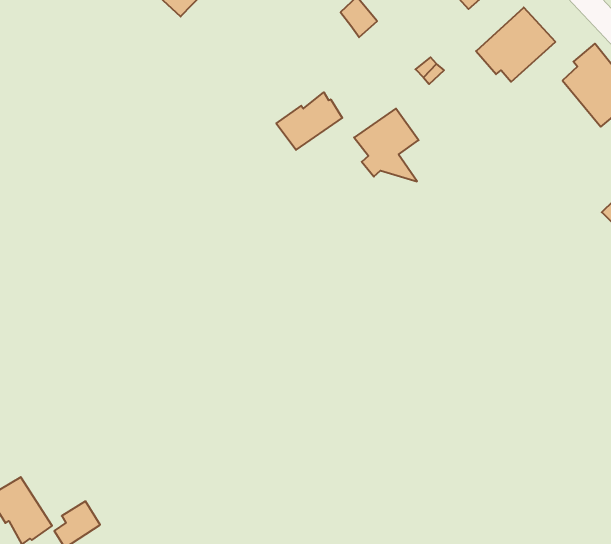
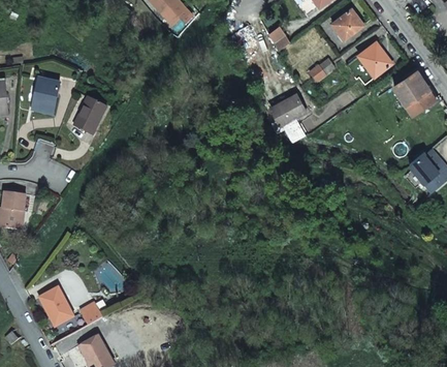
building: [276,92,342,150] -> none
building: none -> [73,97,106,134]

